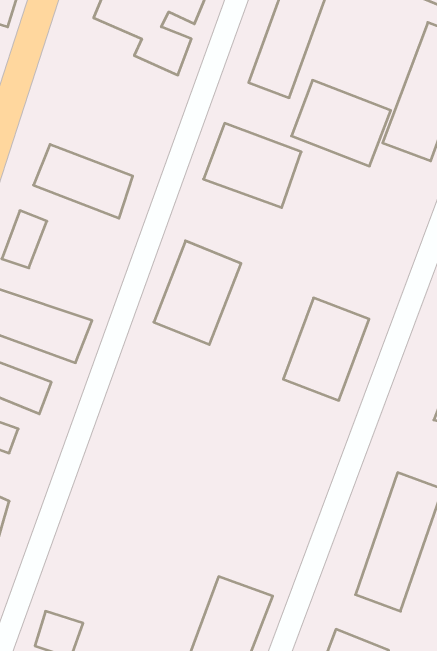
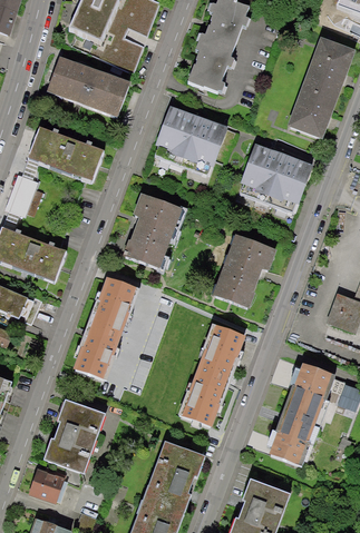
building: none -> [46,51,129,113]
building: [291,80,391,166] -> [240,144,313,207]
building: none -> [74,278,140,381]
building: none -> [178,324,246,427]
building: none -> [43,399,106,475]

